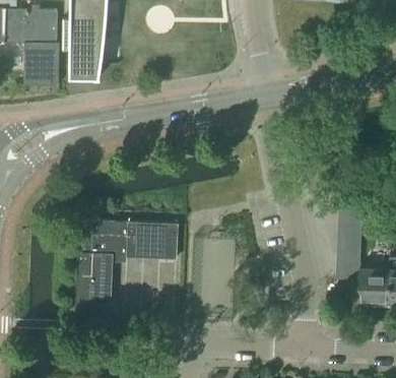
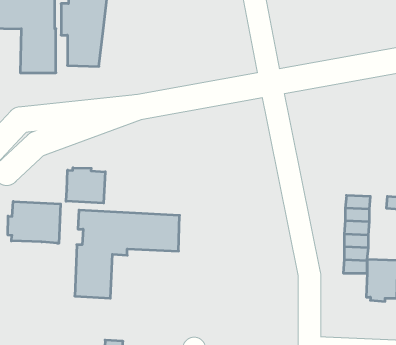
building: none -> [66,168,105,203]
building: none -> [8,201,61,243]

